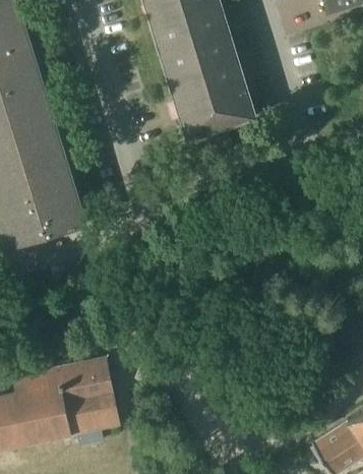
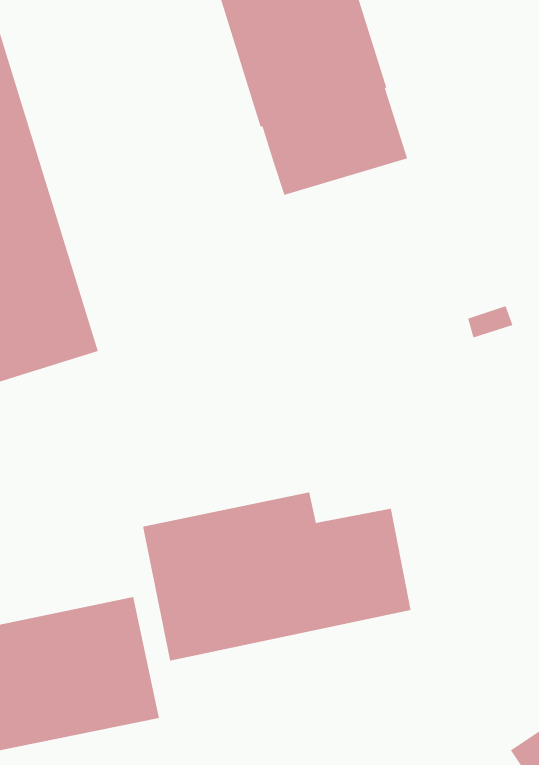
building: none -> [142,492,411,662]

